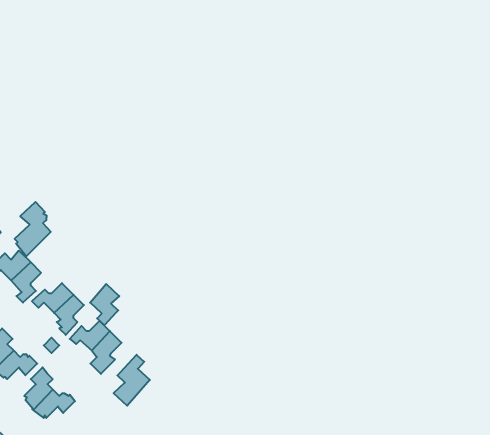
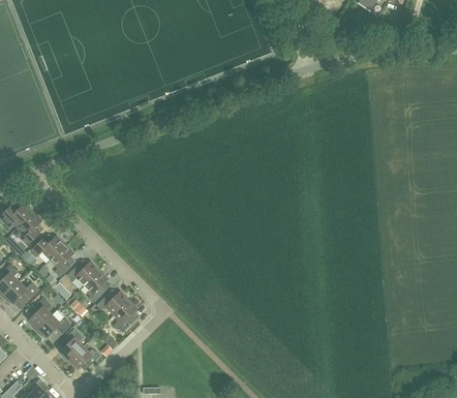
building: [15,202,51,257] -> none
building: [90,284,119,325] -> none
building: [114,355,150,406] -> none

